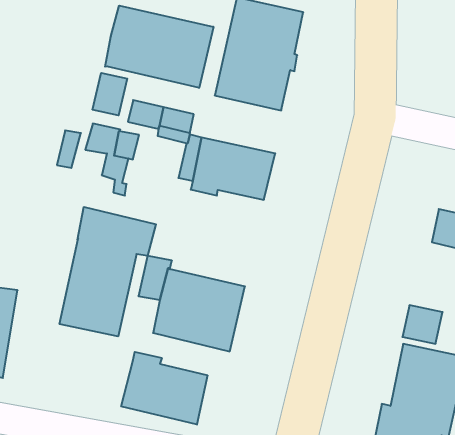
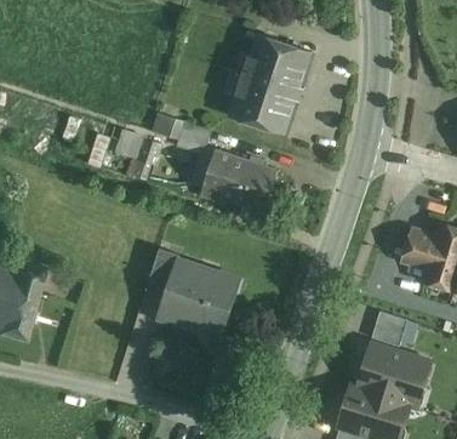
building: [105,6,213,88] -> none
building: [93,73,127,115] -> none
building: [60,207,156,336] -> none
building: [121,352,207,425] -> none

